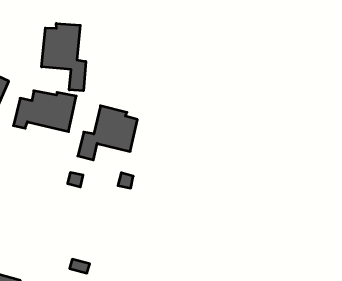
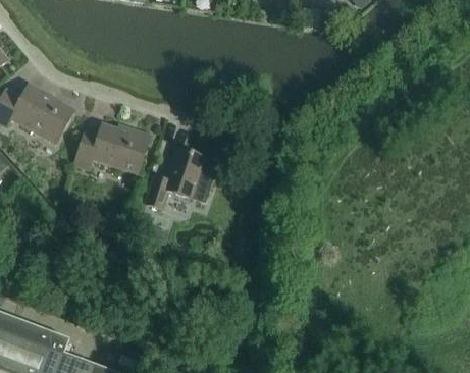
building: [42,23,86,91] -> none

